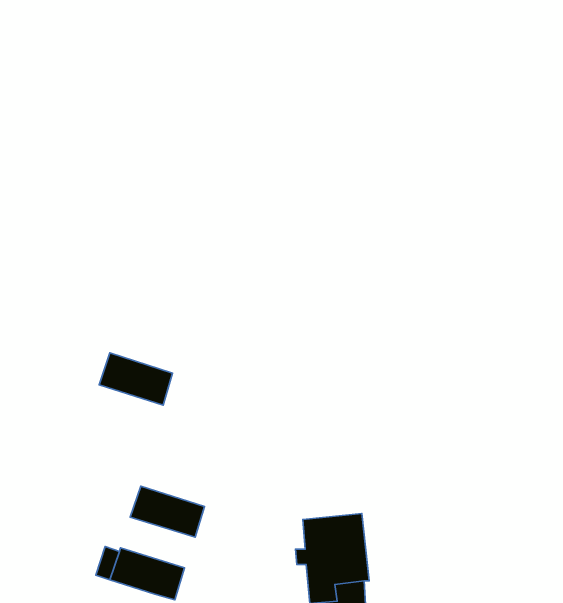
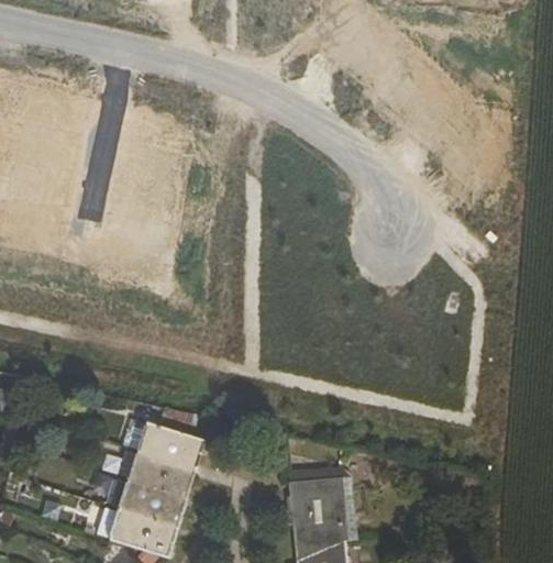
building: [99,353,173,405] -> [137,422,206,471]
building: none -> [119,481,188,528]

